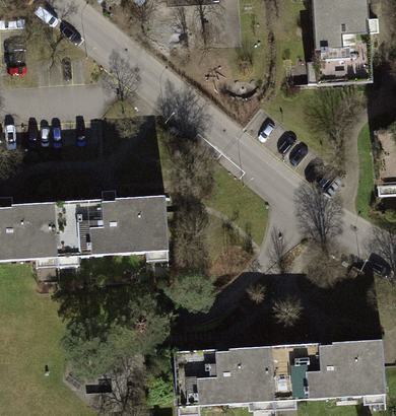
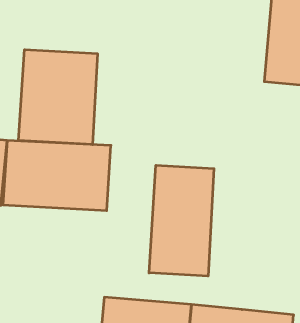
building: none -> [19,50,97,145]
building: none -> [149,165,214,276]

